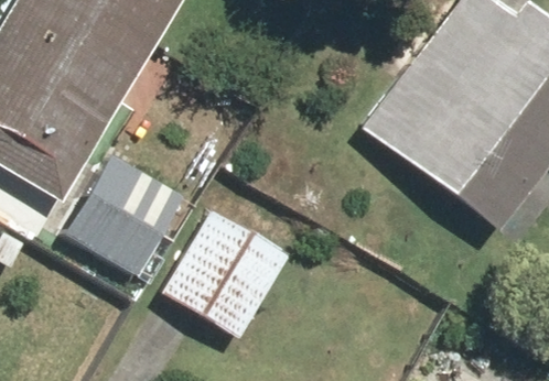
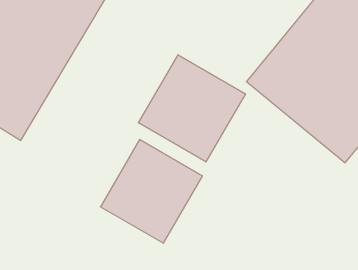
building: none -> [138,55,245,162]
building: [54,148,189,280] -> none

